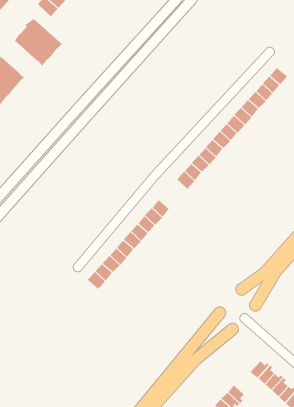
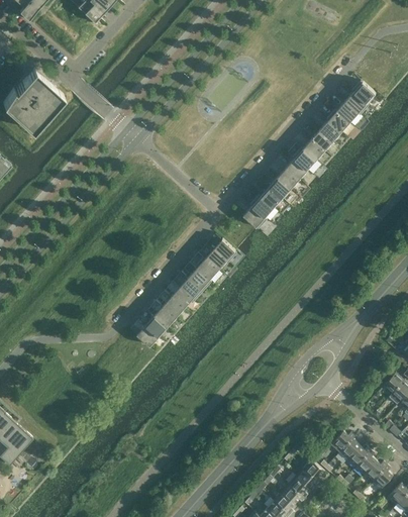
building: [14,18,63,67] -> none

